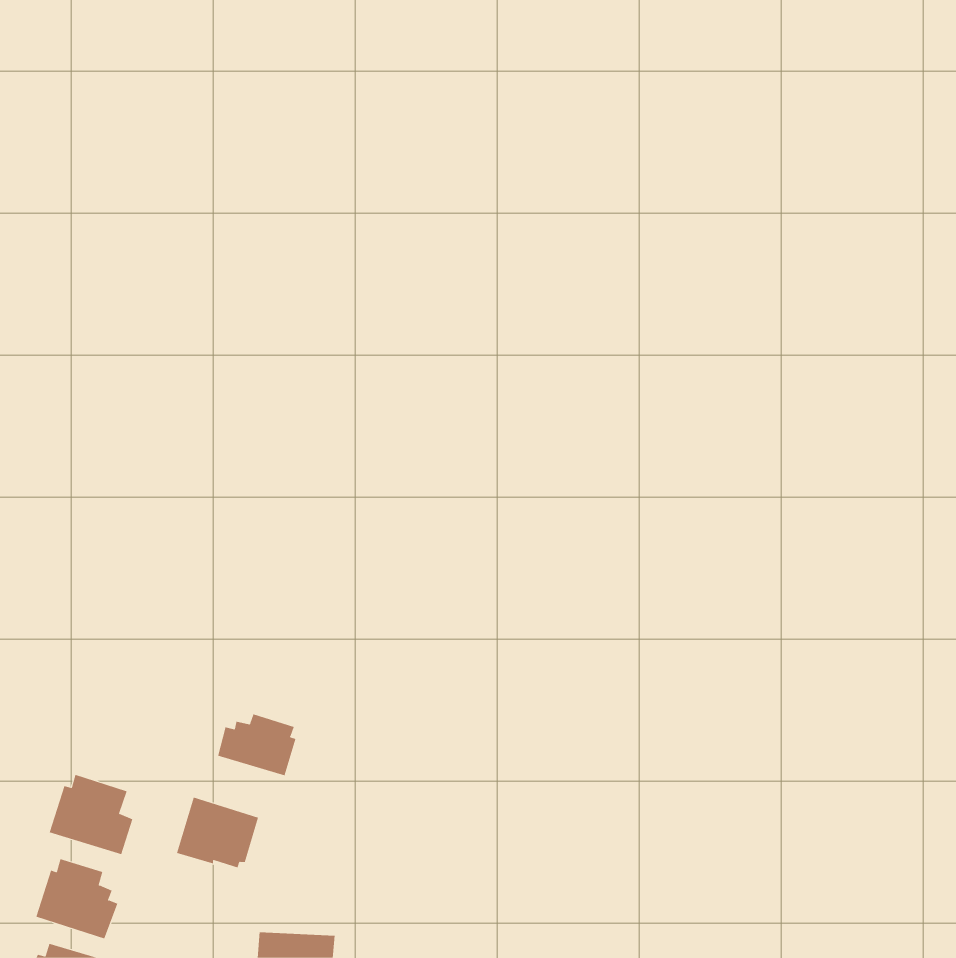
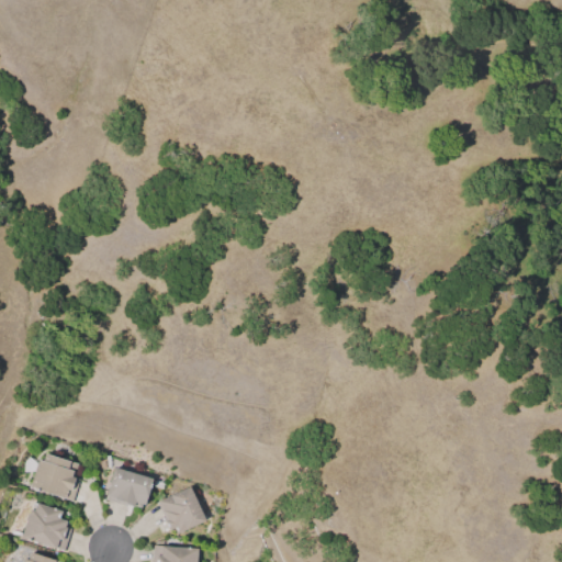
building: [218,713,296,776] -> none
building: none -> [157,486,205,533]

